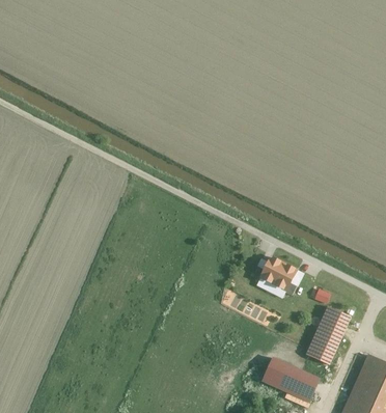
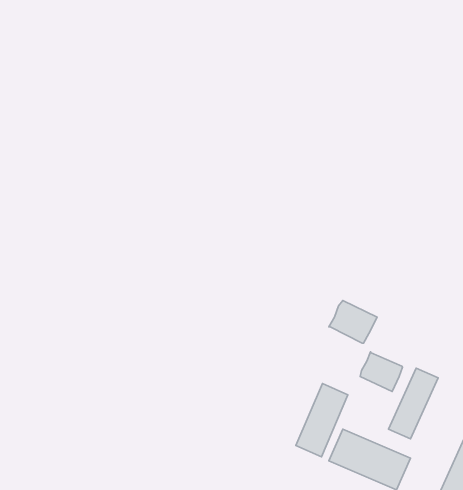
building: none -> [360,352,403,392]
building: none -> [296,383,348,457]

